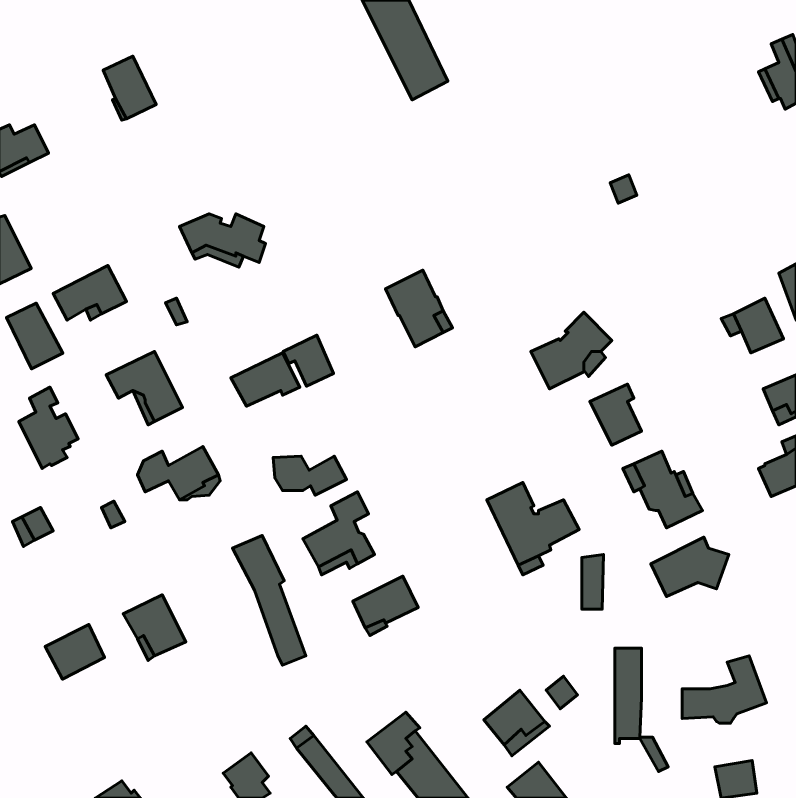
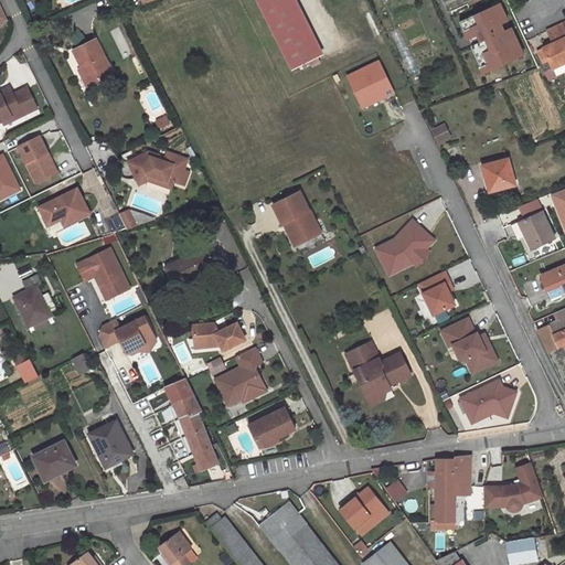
building: none -> [462,7,524,73]
building: none -> [350,62,396,108]
building: none -> [482,159,514,191]
building: [7,303,63,369] -> [18,137,57,183]
building: [283,335,334,386] -> none
building: [582,554,604,609] -> [454,455,469,493]

